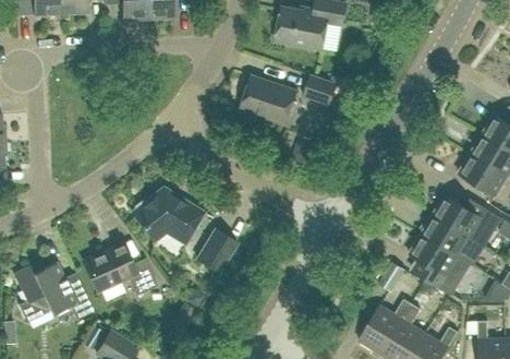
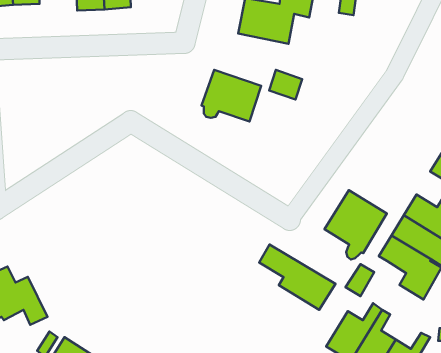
building: [132,187,204,243] -> none
building: none -> [324,190,387,259]
building: [196,229,238,272] -> none
building: none -> [259,245,335,310]
building: [83,243,158,296] -> none

